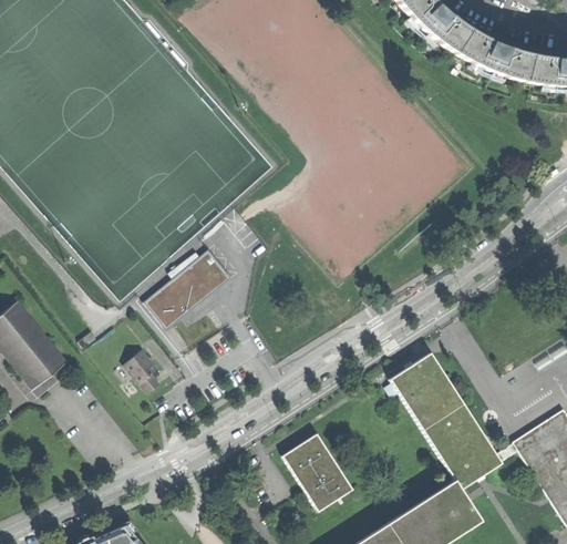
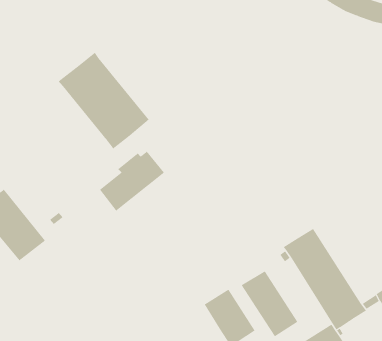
building: none -> [58,52,149,150]
building: [124,350,162,393] -> none
building: none -> [241,270,298,337]

